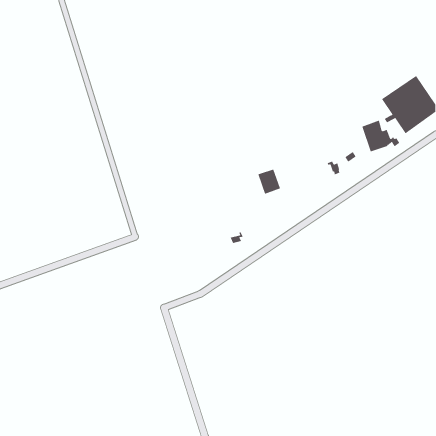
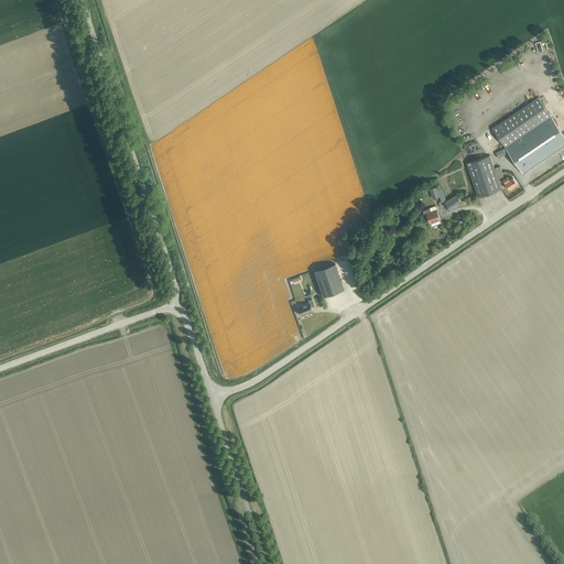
building: [258,169,281,195] -> [313,264,343,297]

